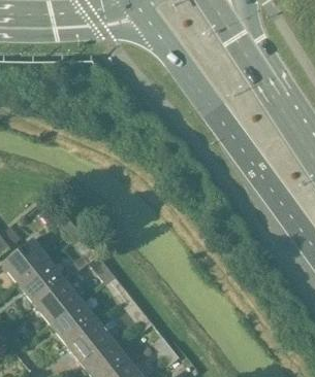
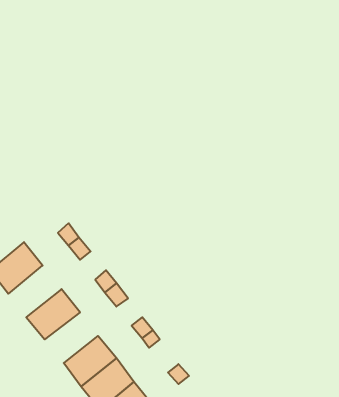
building: [19,259,65,304] -> none
building: [51,300,97,344] -> none

